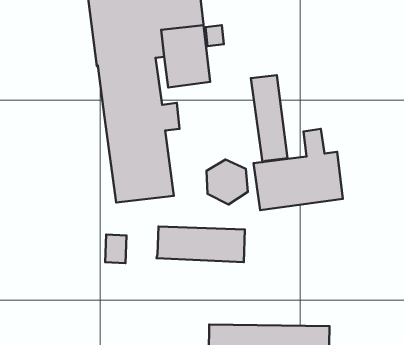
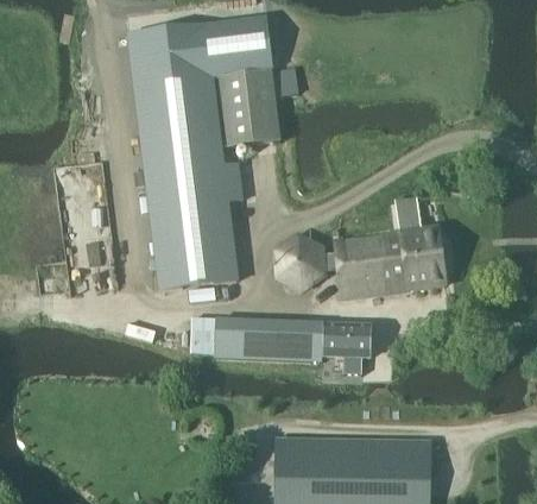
building: [251,75,288,162] -> none
building: none -> [323,323,369,374]
building: [105,234,126,263] -> [189,317,215,353]

